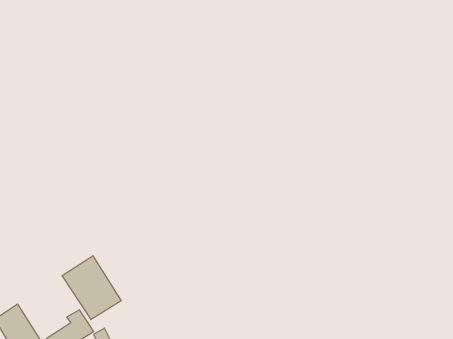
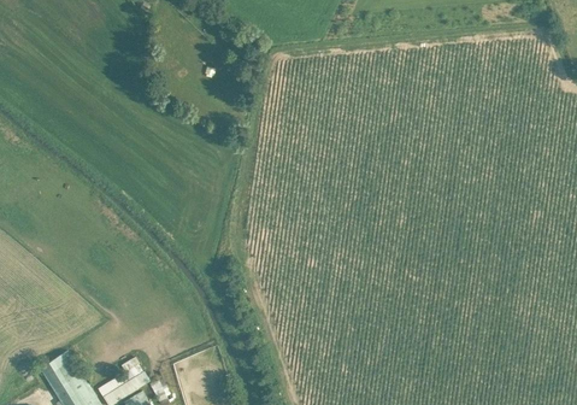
building: [62,256,121,320] -> none

